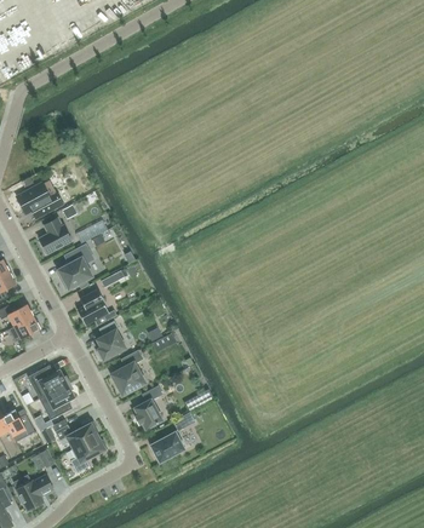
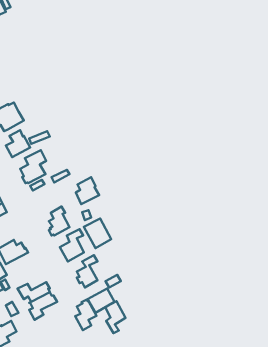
building: [78,289,109,326] -> [76,177,99,204]
building: none -> [84,218,111,248]
building: [39,383,75,420] -> none
building: none -> [75,300,96,330]
building: none -> [105,301,126,333]

